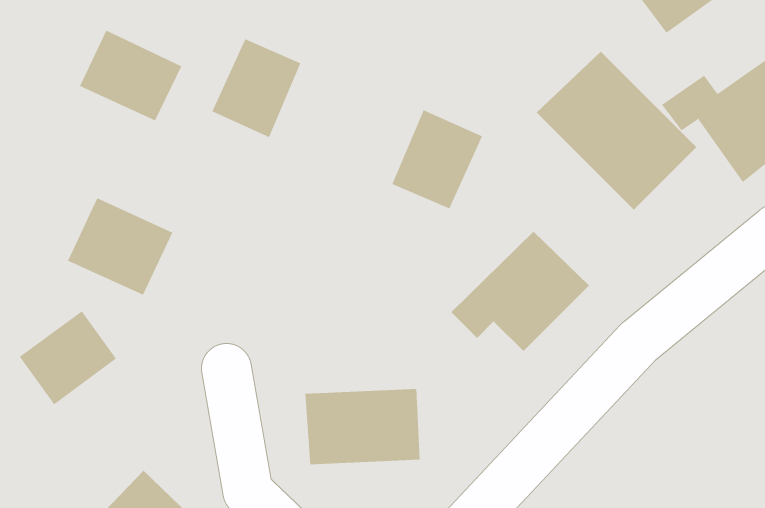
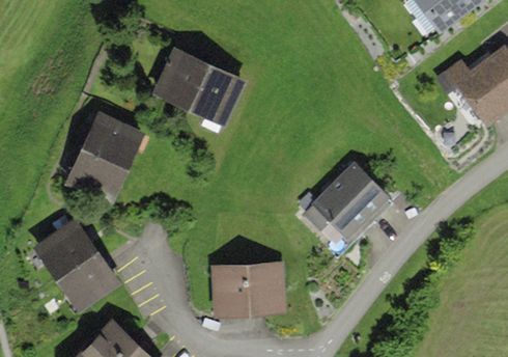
building: [79,30,182,121] -> [82,109,146,166]
building: [536,51,697,210] -> none
building: [392,109,483,209] -> [190,60,247,122]
building: none -> [55,245,121,311]

